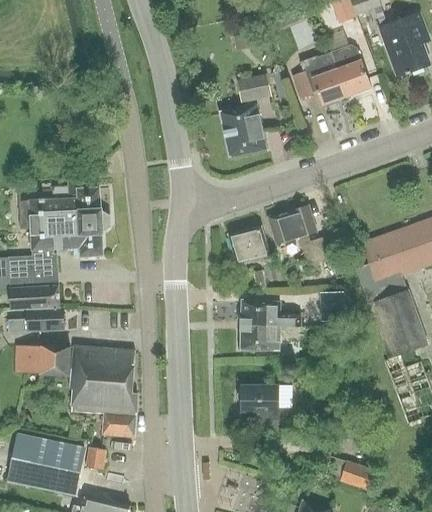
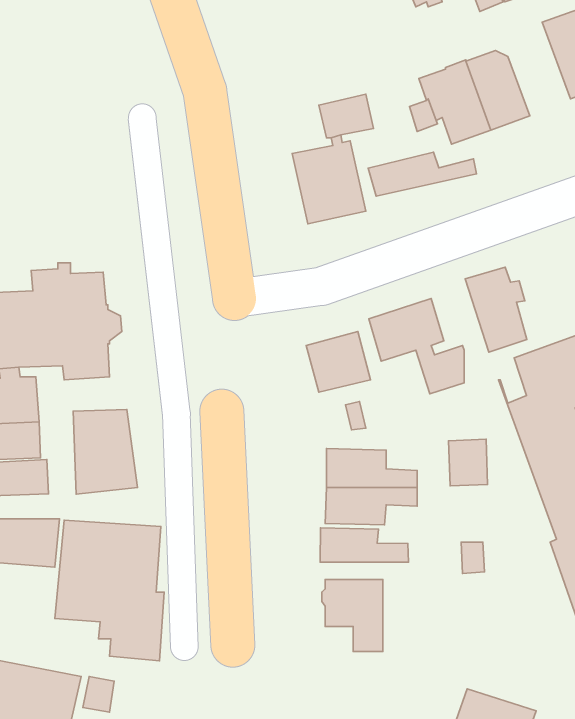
building: none -> [368,152,477,196]
building: none -> [465,267,527,352]
building: none -> [73,409,138,494]
building: none -> [320,528,409,562]

